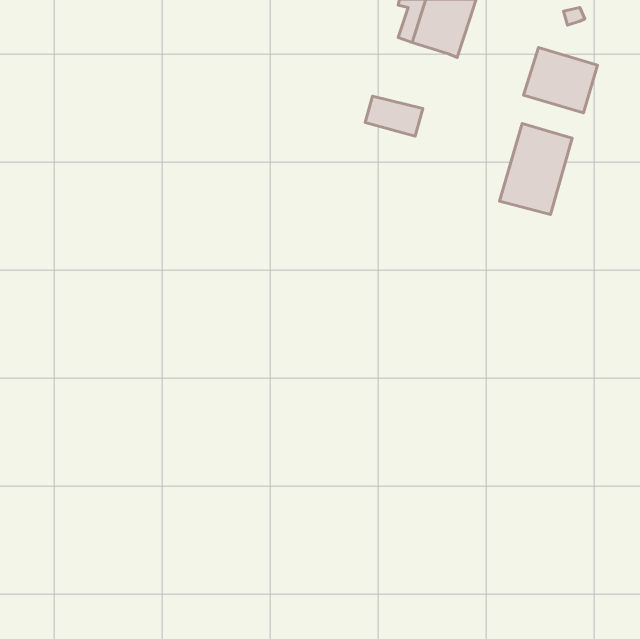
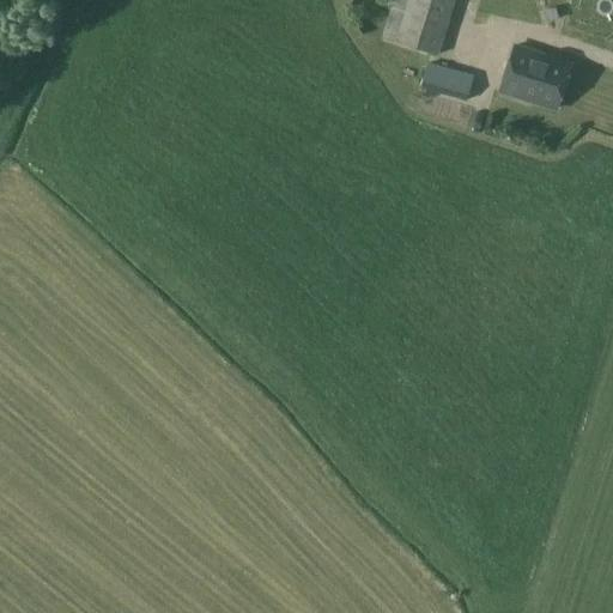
building: [365,96,423,136] -> [419,62,474,101]
building: [499,123,572,215] -> none

